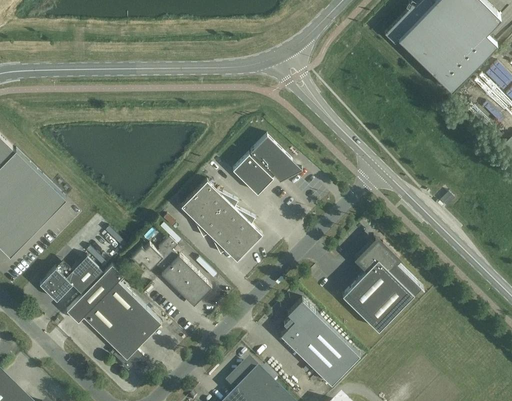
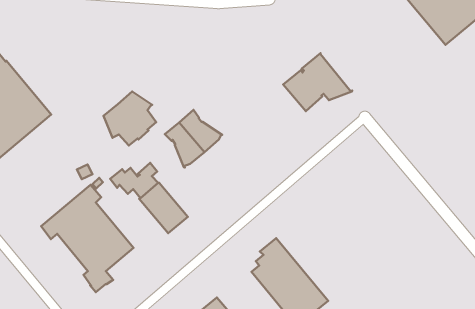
building: [232,134,301,193] -> [283,53,352,111]
building: [208,206,261,260] -> [104,92,156,146]
building: [341,240,422,330] -> none
building: [39,255,102,300] -> none

